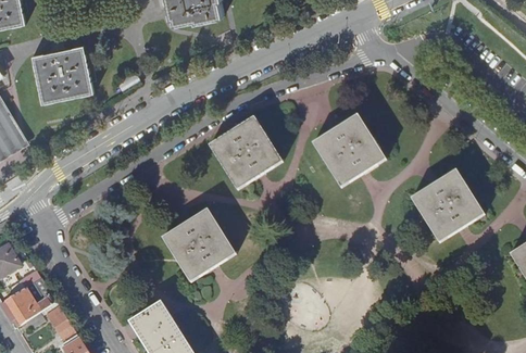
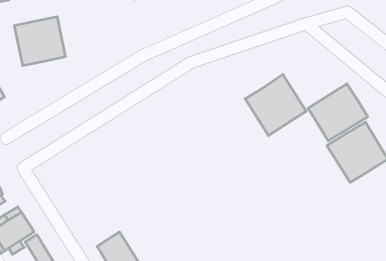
building: [209,116,281,189] -> none
building: none -> [308,84,368,141]
building: [162,209,236,281] -> none

